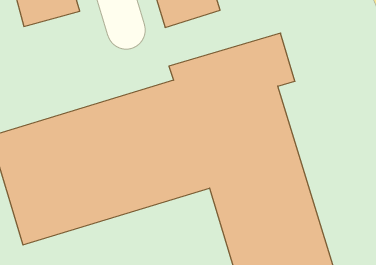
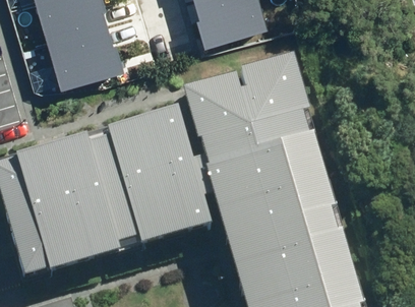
building: none -> [32,25,103,83]

